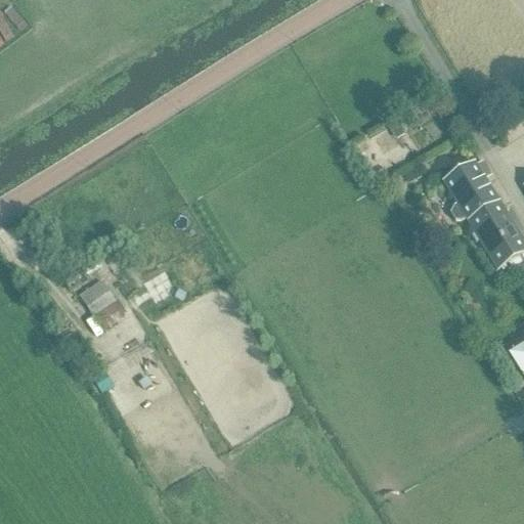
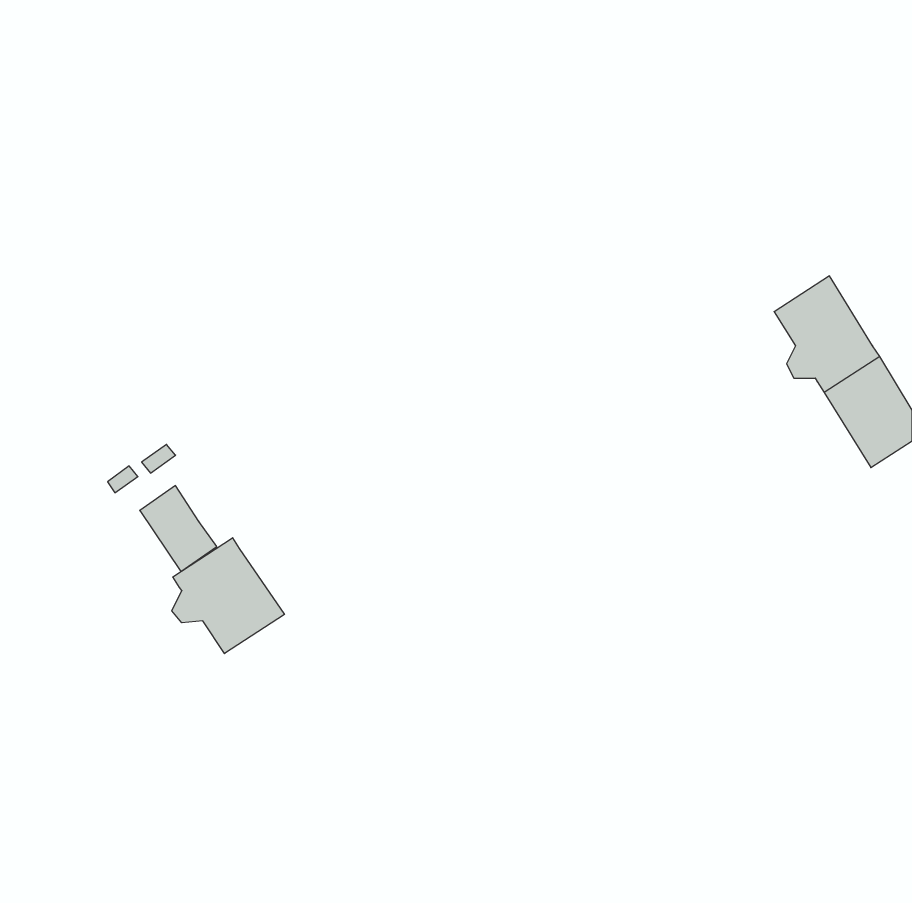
building: none -> [172,538,284,654]

